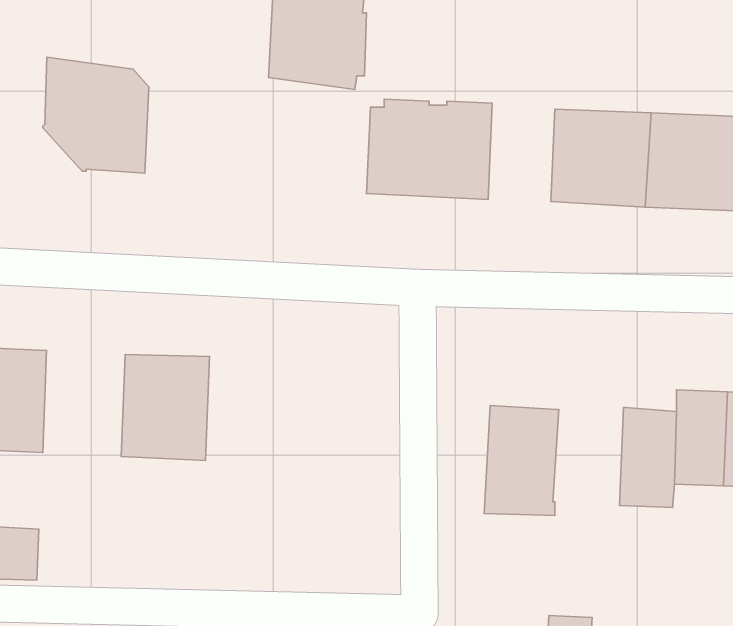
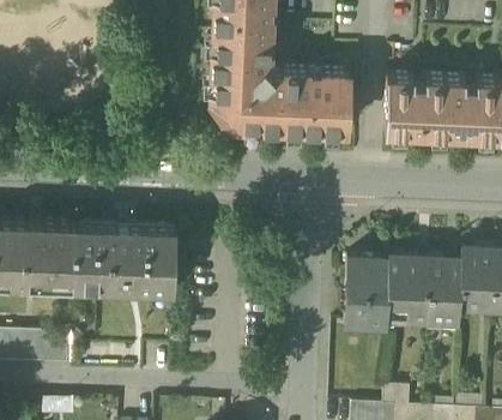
building: [43,57,149,173] -> [211,55,276,126]
building: none -> [75,222,126,287]
building: none -> [387,254,431,317]

